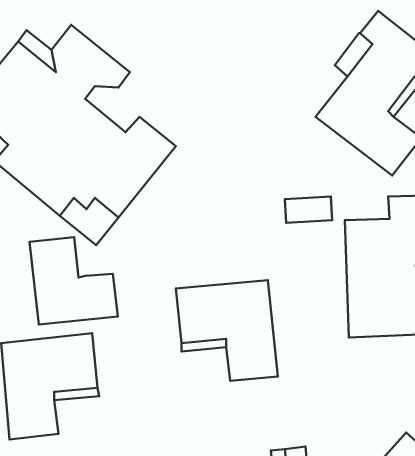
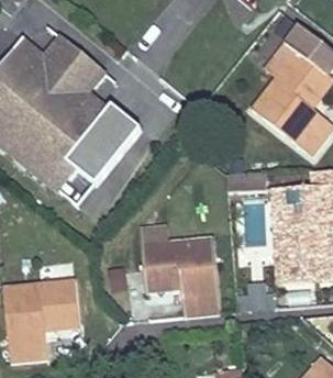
building: [29,237,118,325] -> none

